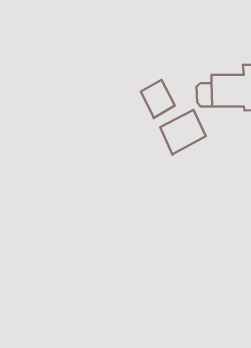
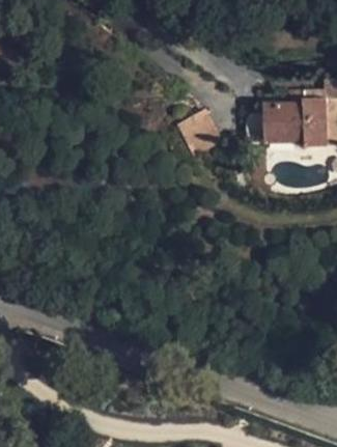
building: [160,110,206,155] -> none

